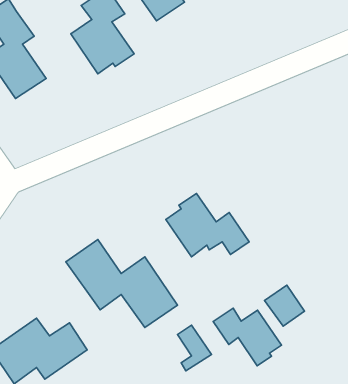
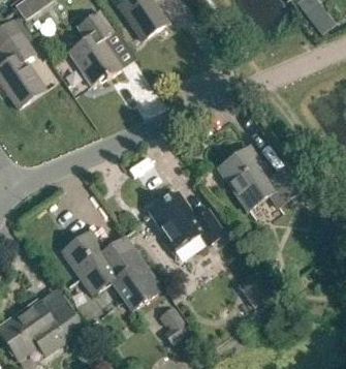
building: none -> [218,145,303,209]
building: [213,308,281,366] -> none

